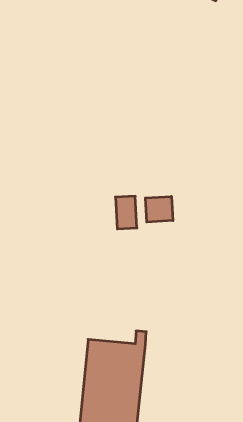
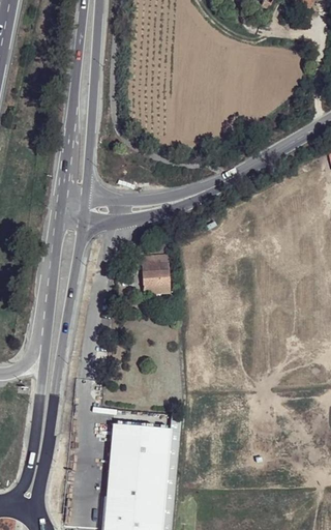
building: [145,196,173,222] -> none

